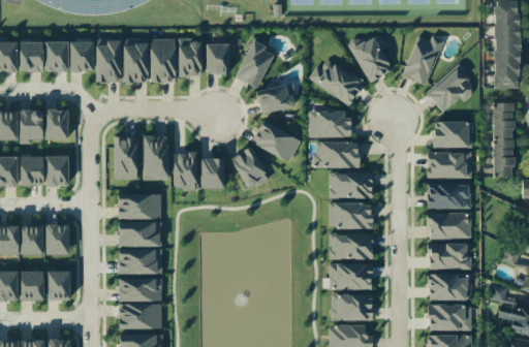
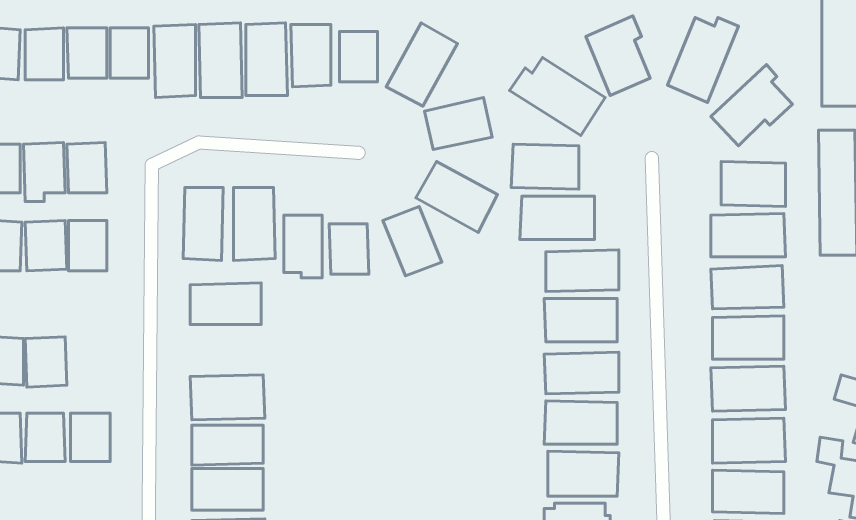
building: [119,221,161,246] -> none
building: [45,224,69,254] -> none

